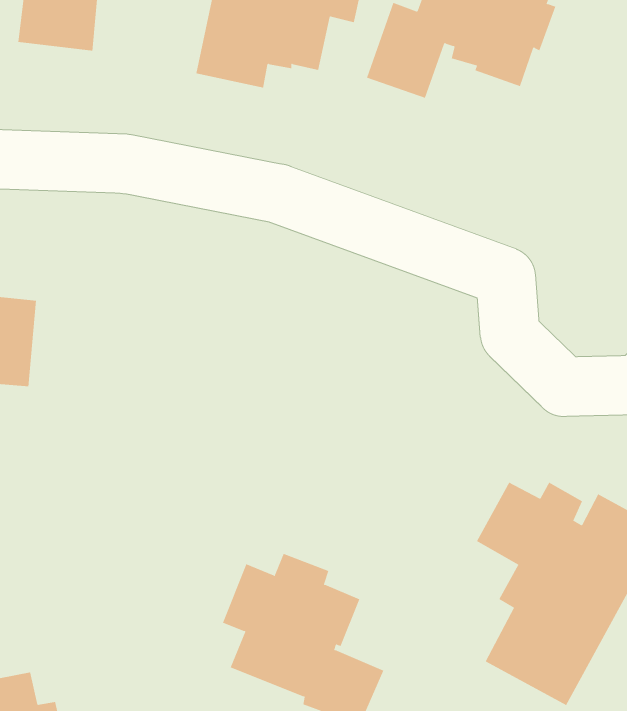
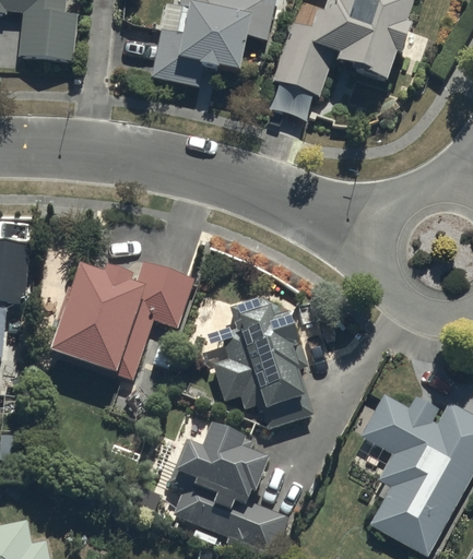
building: none -> [51,259,197,380]
building: none -> [211,296,314,429]

